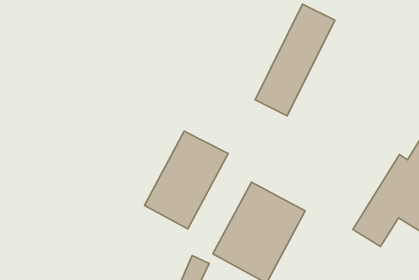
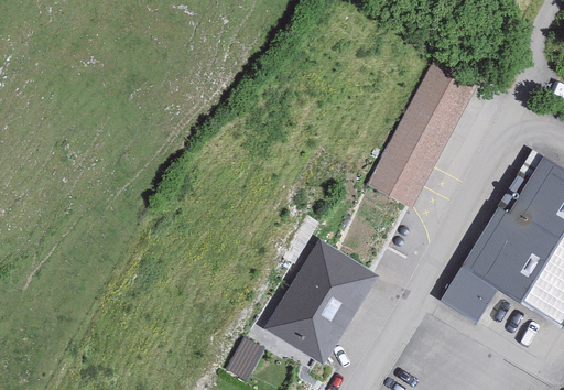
building: [255,4,335,116] -> [369,67,467,205]
building: [145,131,228,229] -> none

